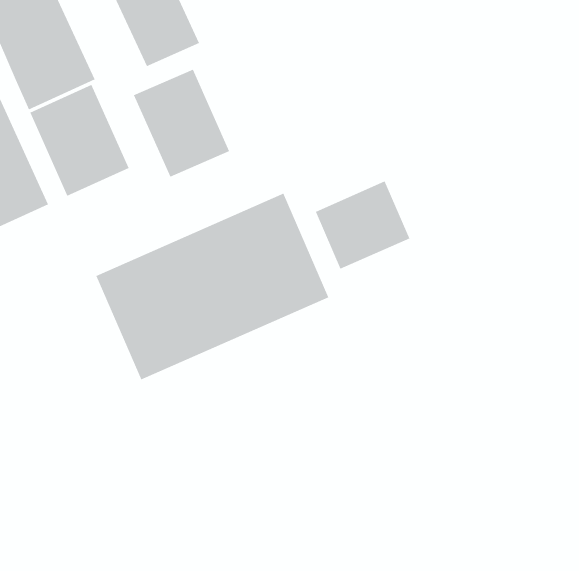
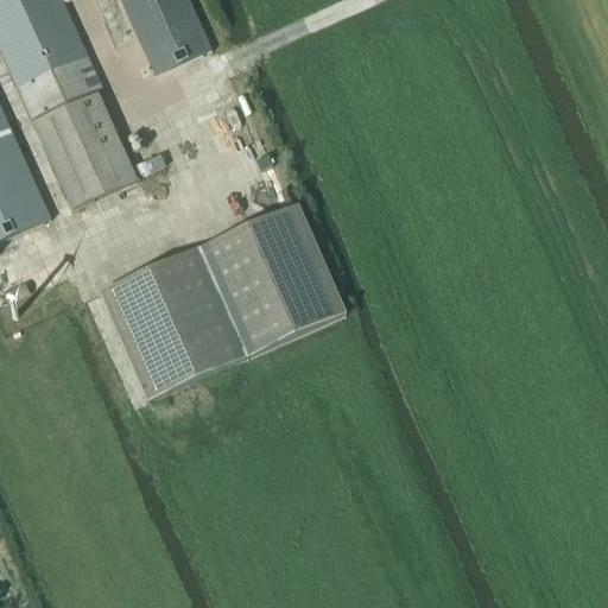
building: [133,69,230,178] -> none
building: [315,181,410,269] -> none

